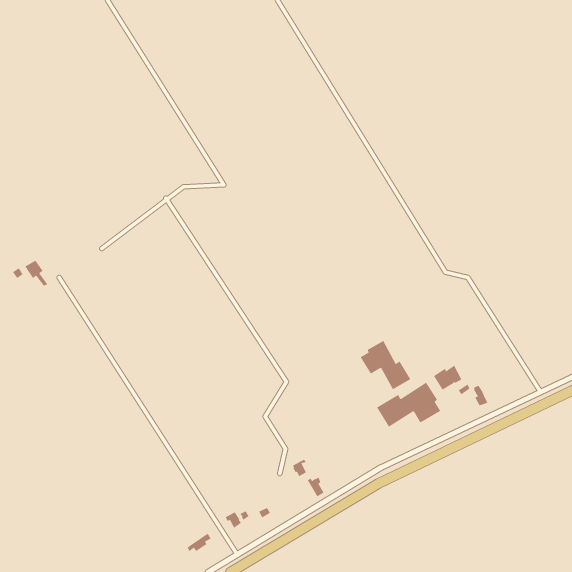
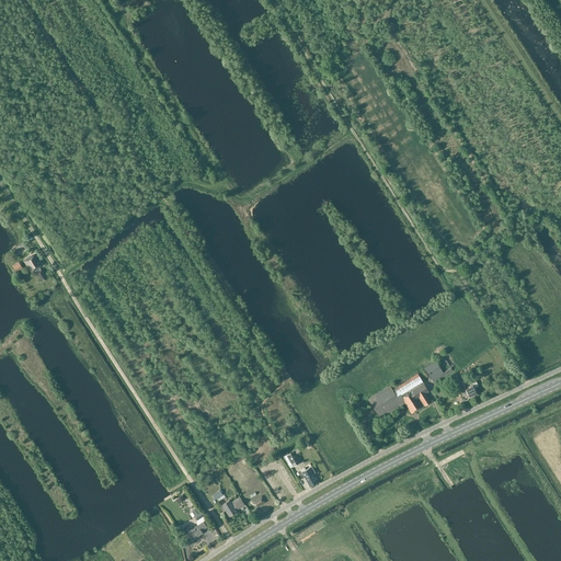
building: [360,340,411,390] -> none

